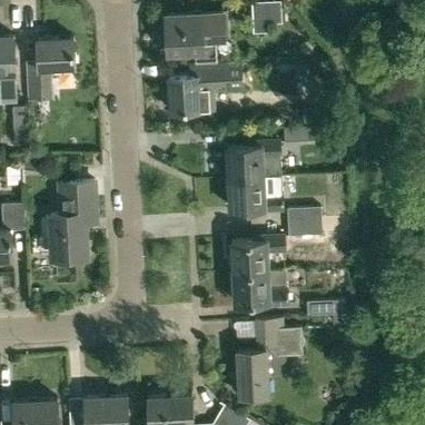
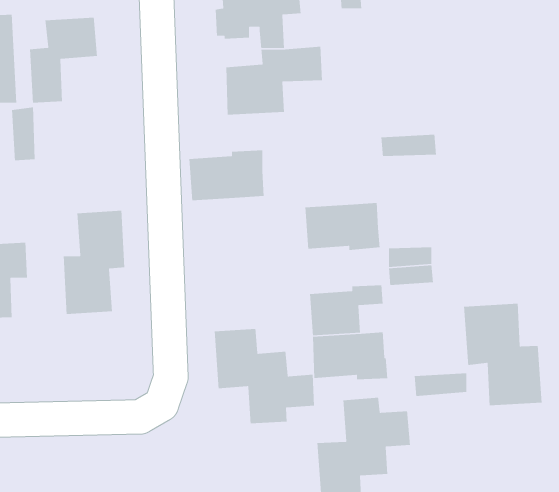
building: [224,141,279,179] -> [189,150,265,201]
building: none -> [463,303,543,406]
building: none -> [214,328,315,424]

